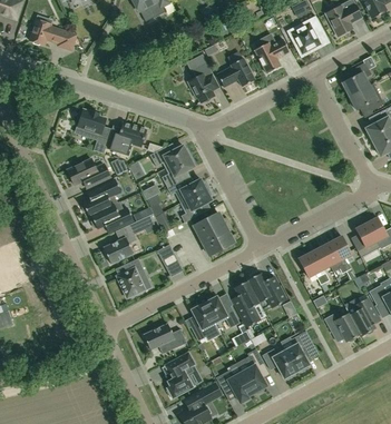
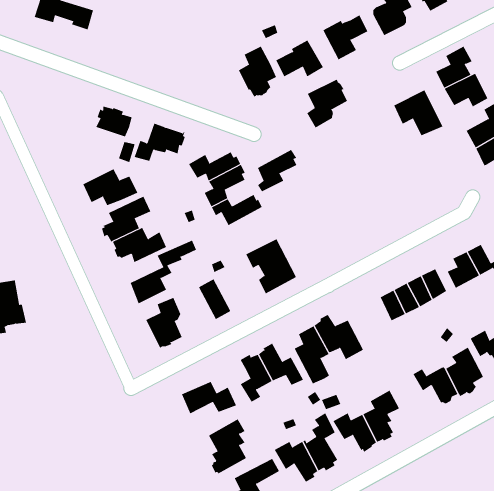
building: none -> [306,79,348,128]
building: none -> [394,90,443,136]
building: [180,188,212,221] -> [257,149,297,192]

